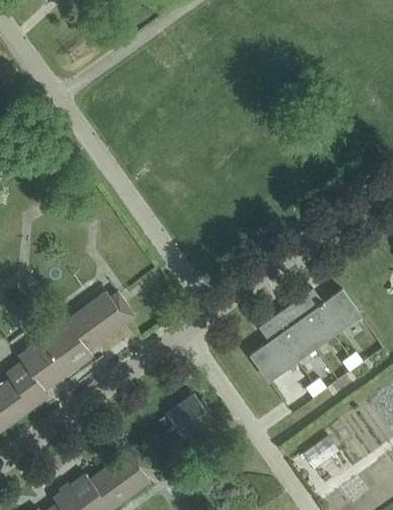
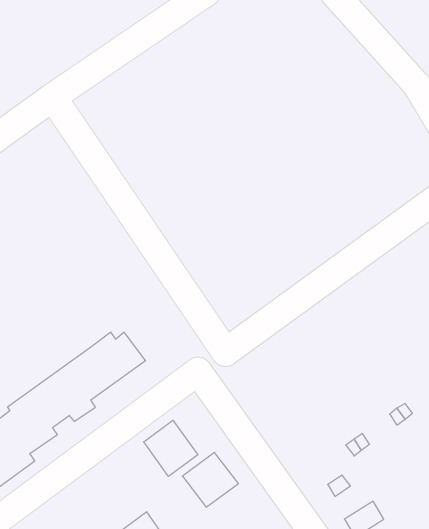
building: [249,291,359,381] -> none
building: none -> [144,420,198,476]

